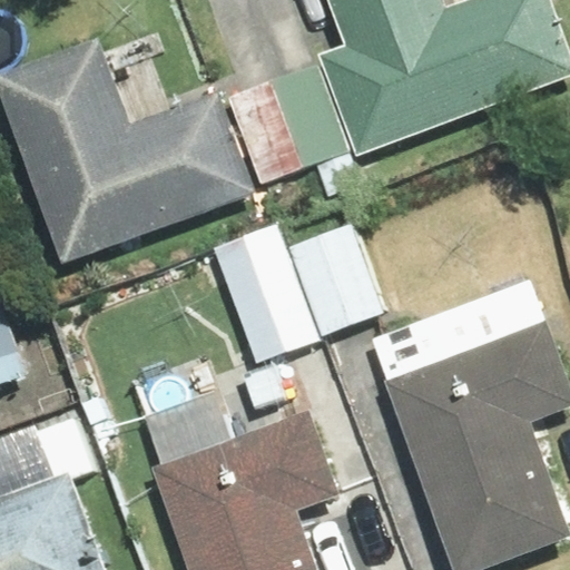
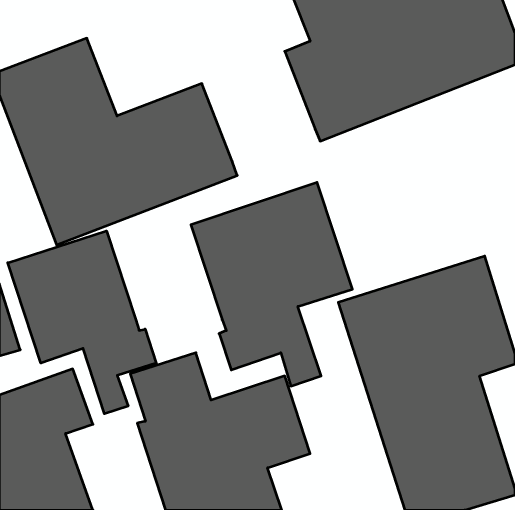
building: [223,57,347,178] -> none
building: none -> [8,231,156,414]

